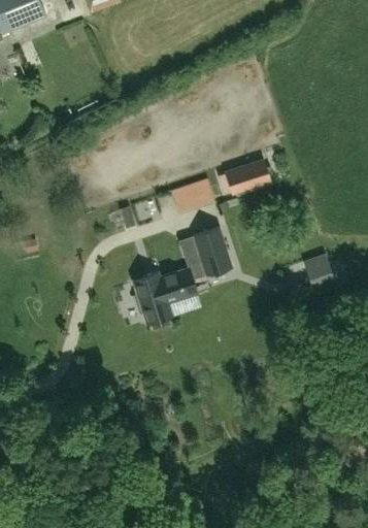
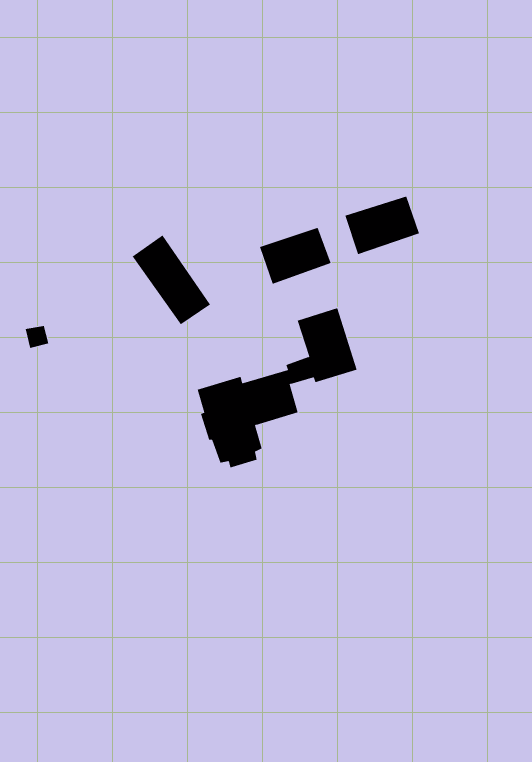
building: none -> [132,235,211,325]
building: [308,254,335,289] -> none

